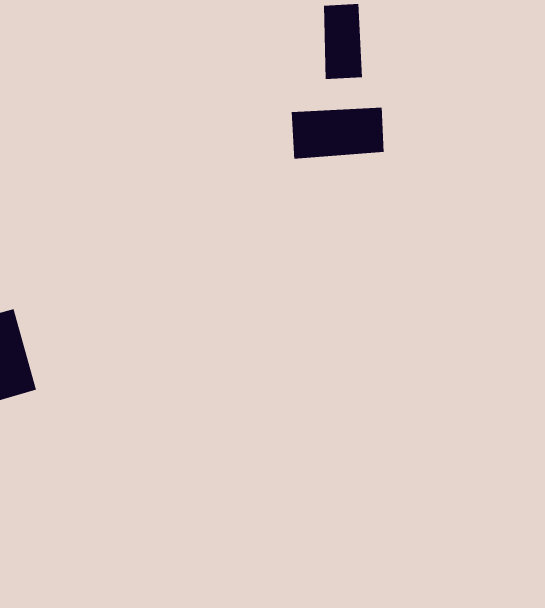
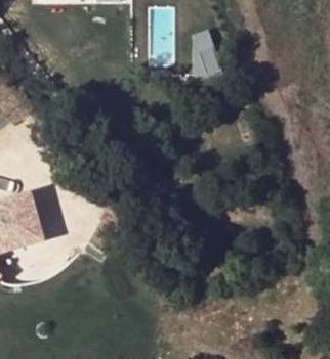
building: [291,107,384,159] -> none

